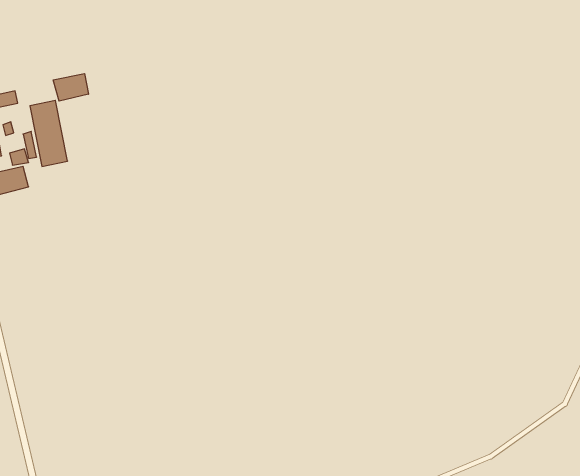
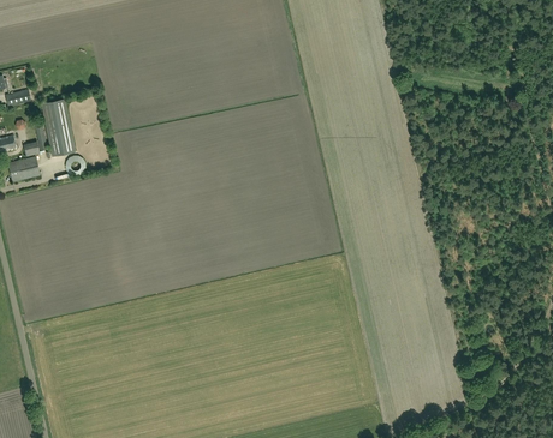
building: [53,74,88,101] -> none

